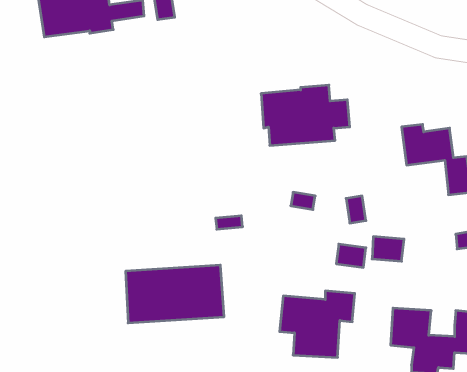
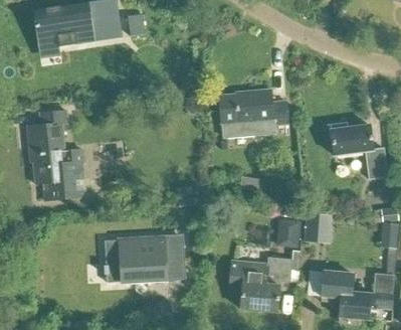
building: none -> [27,109,86,199]

